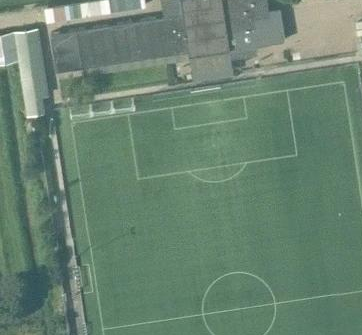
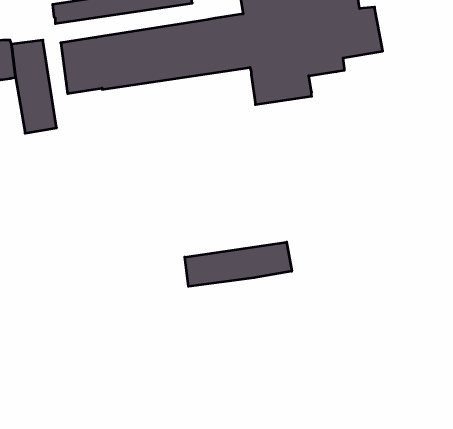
building: none -> [185,242,292,286]

